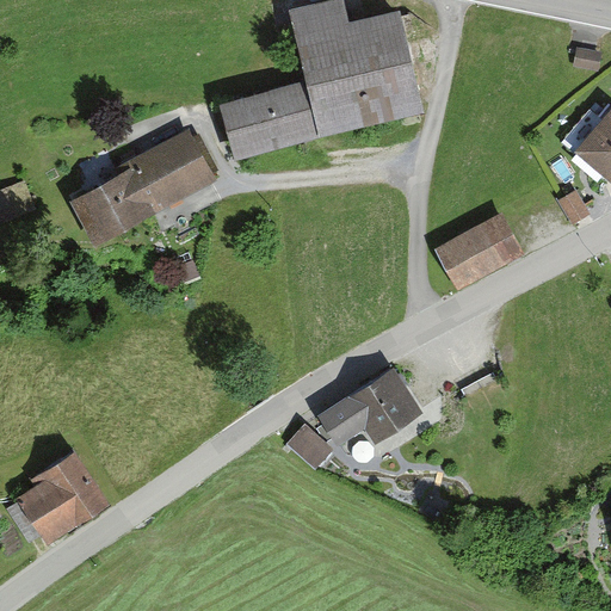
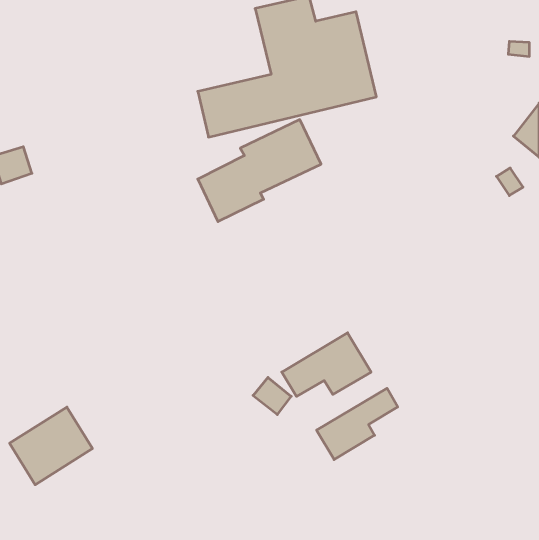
building: [87,129,226,243] -> [198,120,321,222]
building: [433,212,519,285] -> none
building: none -> [317,388,398,460]

